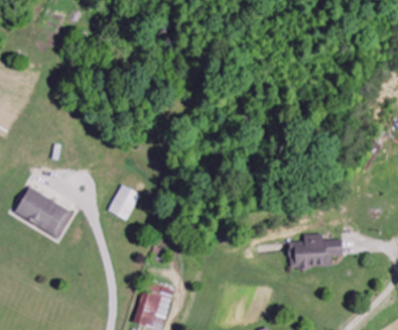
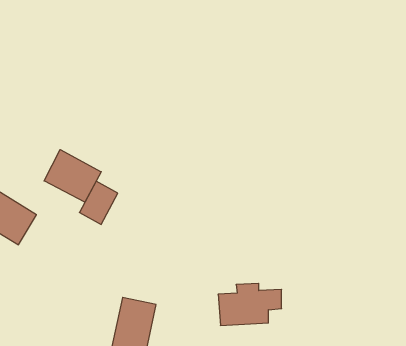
building: none -> [44,150,101,202]
building: [288,233,342,268] -> [218,283,282,325]

